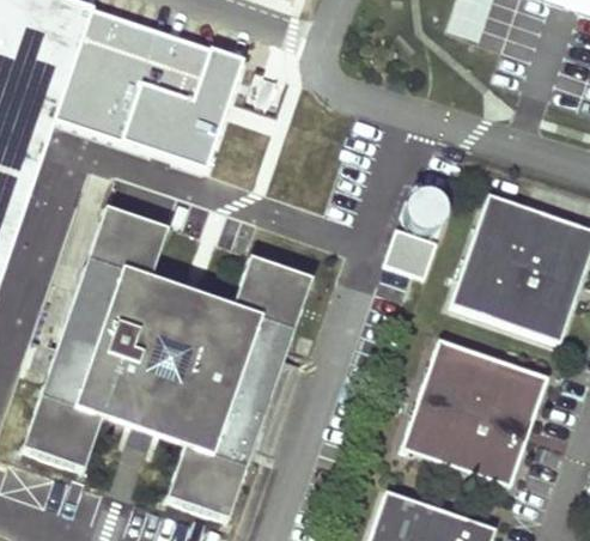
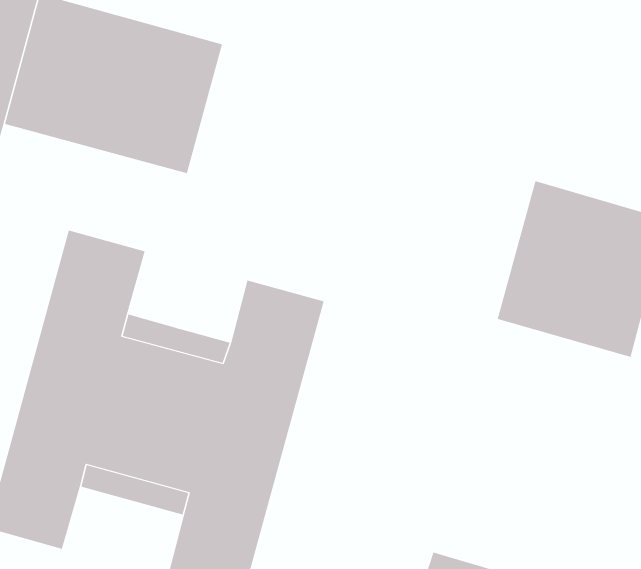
building: [401,336,548,484] -> none

